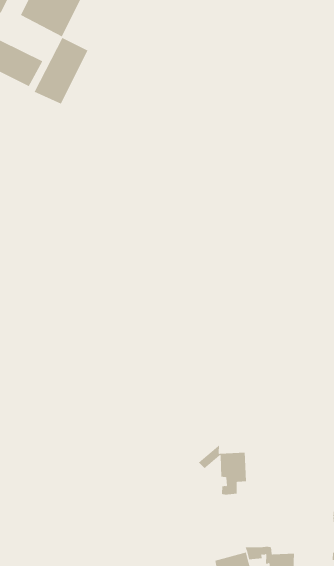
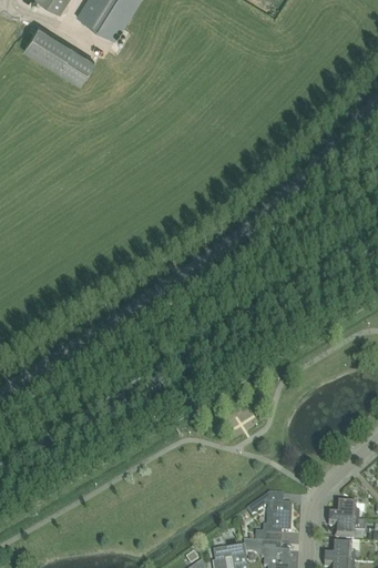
building: [34,37,88,105] -> none
building: [198,444,247,495] -> [246,494,292,542]

